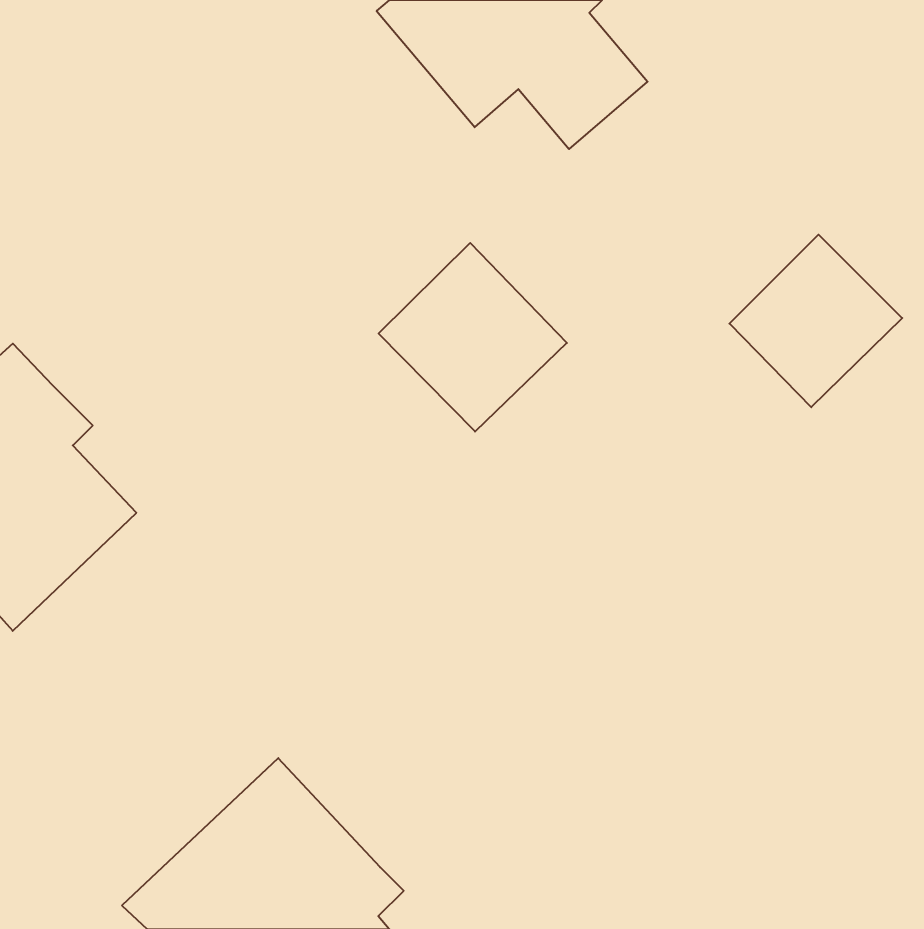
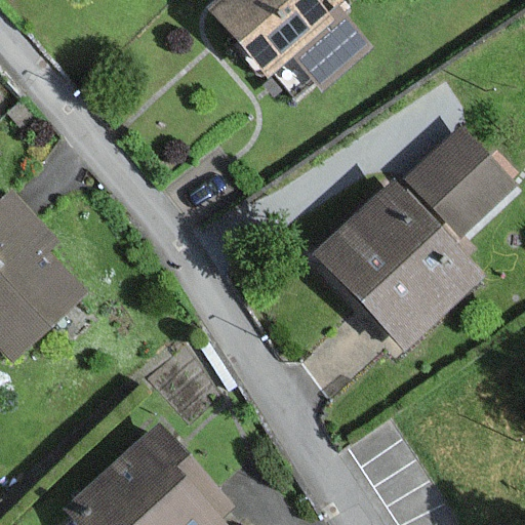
building: [379,243,567,432] -> none
building: none -> [318,185,477,342]

